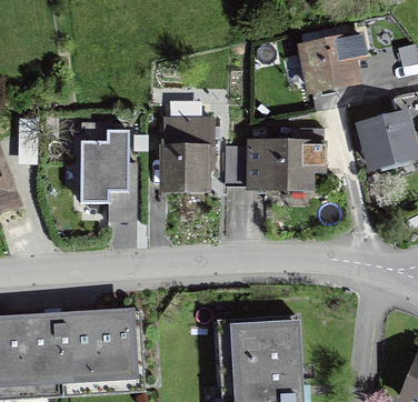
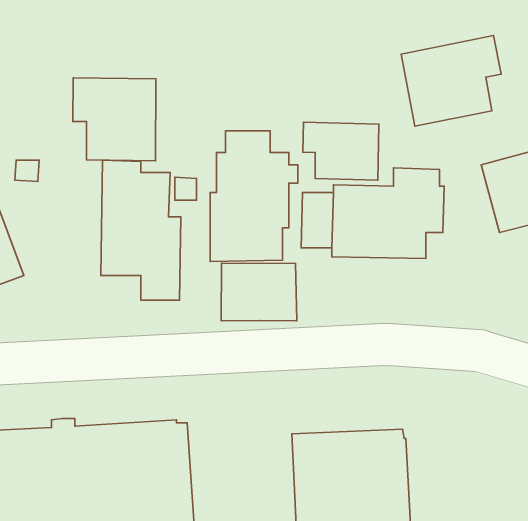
building: none -> [73,78,156,161]
building: none -> [303,122,379,180]
building: none -> [221,263,297,321]

